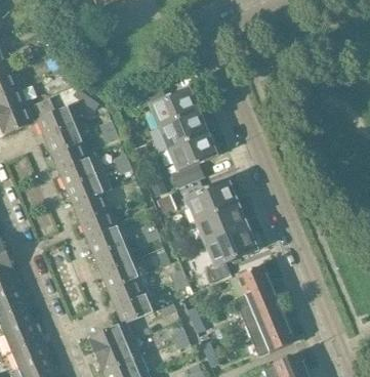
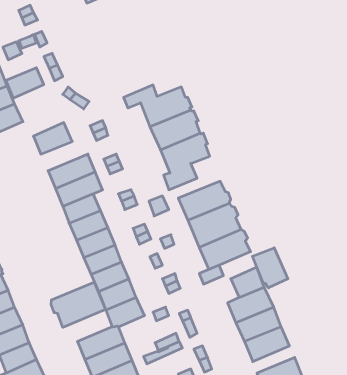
building: [36,106,73,135] -> [6,68,44,98]
building: [50,140,87,169] -> none
building: none -> [252,248,288,288]
building: none -> [51,282,106,327]

